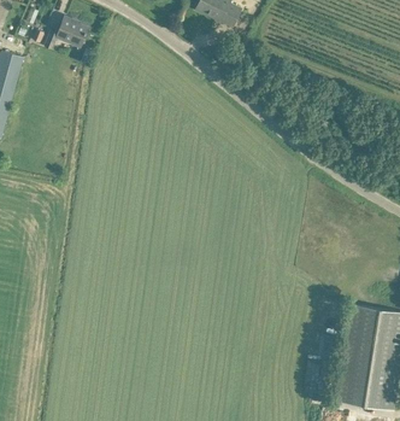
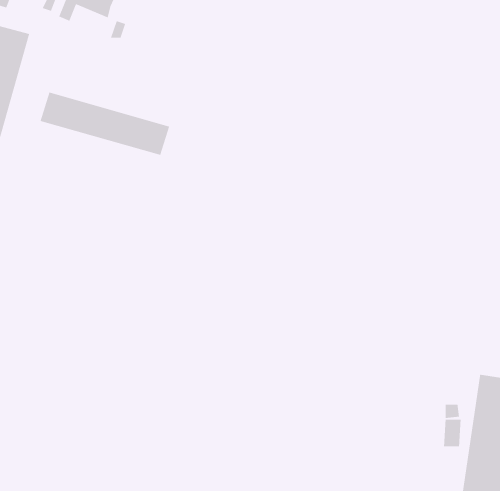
building: none -> [40,92,170,156]

